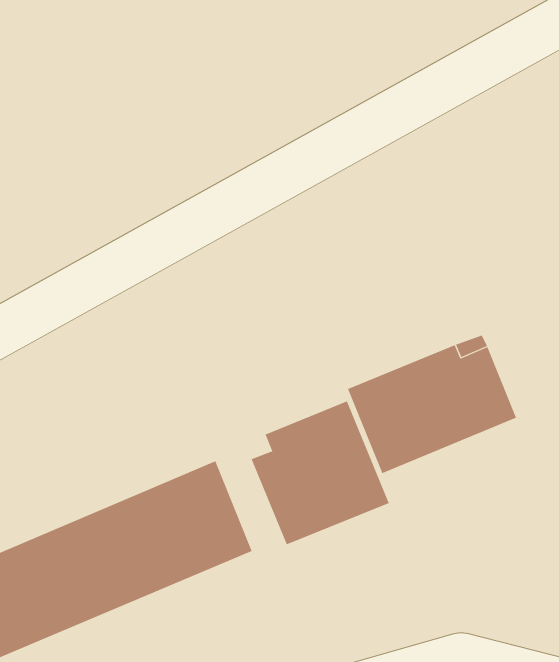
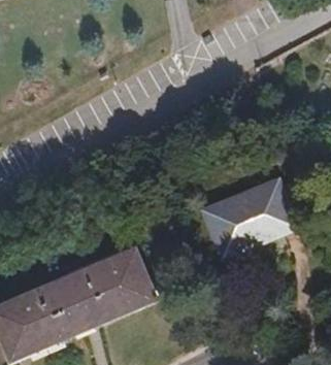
building: [251,401,389,545] -> none

